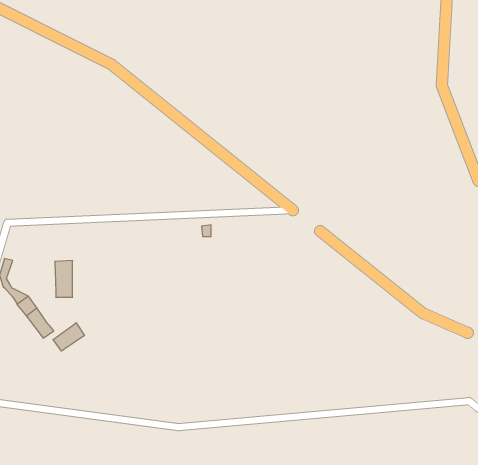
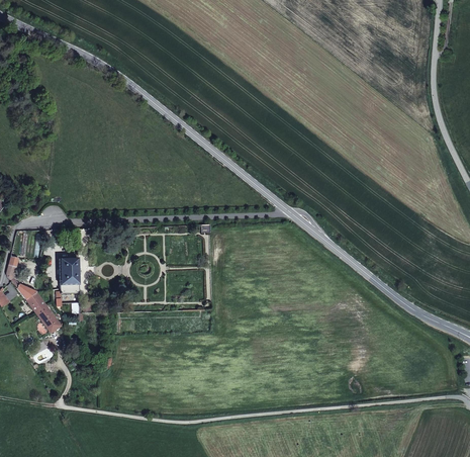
building: [53,323,84,351] -> none

